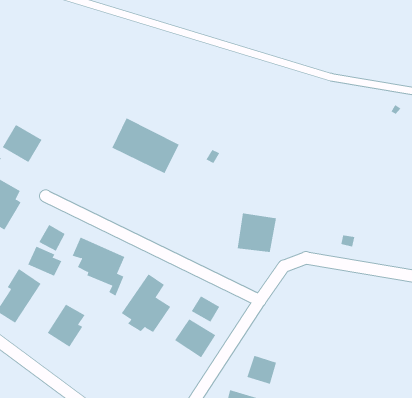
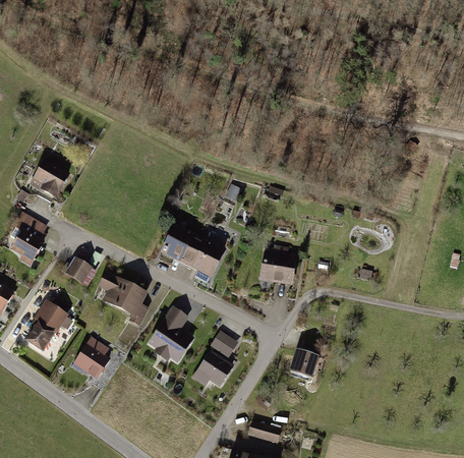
building: [111,117,179,174] -> [159,223,225,278]
building: [28,246,62,277] -> none
building: [246,355,277,384] -> [287,350,316,379]

